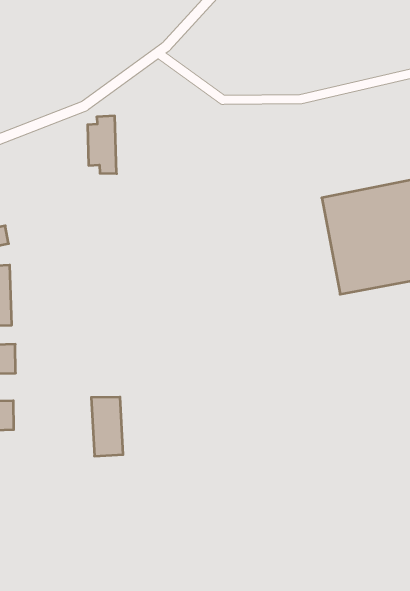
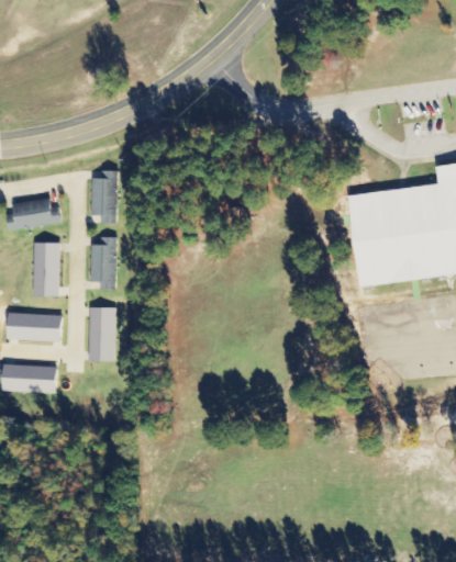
building: [88,116,117,174] -> [91,171,118,224]
building: none -> [91,237,116,290]
building: [91,397,123,456] -> [89,307,115,361]

